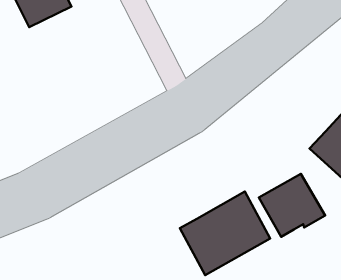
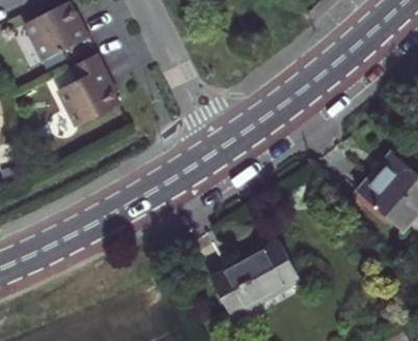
building: none -> [56,52,119,125]
building: [259,174,325,237] -> none

